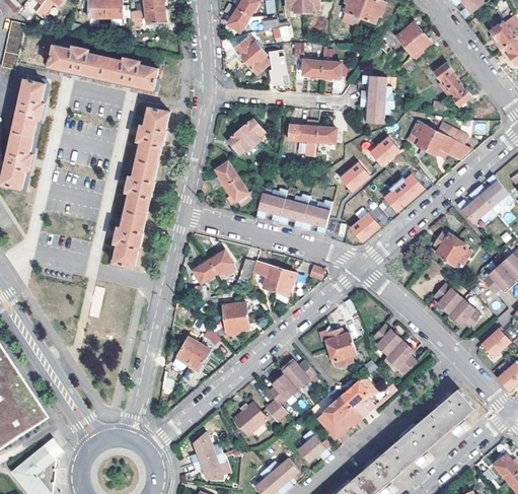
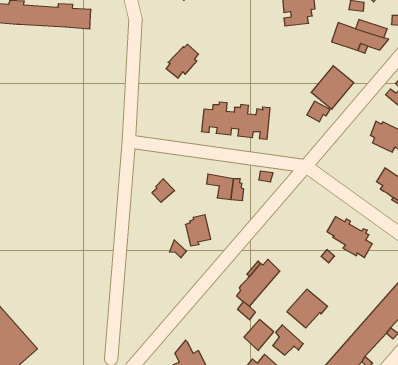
building: [114,109,170,268] -> none
building: [288,122,337,157] -> none
building: [369,137,400,166] -> none
building: [340,162,370,192] -> none
building: [214,163,246,205] -> none
building: [346,209,380,242] -> none
building: [208,245,236,279] -> none
building: [326,330,357,368] -> none
building: [175,338,209,371] -> none
building: [342,380,373,419] -> none
building: [232,404,265,436] -> [244,320,274,351]

